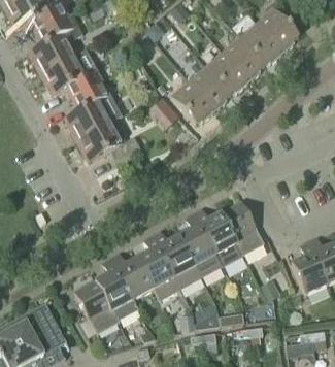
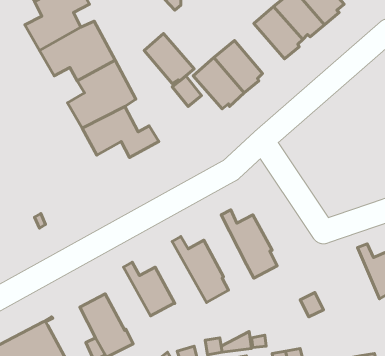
building: [205,52,247,94] -> [144,34,194,84]
building: [221,202,264,257] -> none
building: [179,213,222,278] -> none
building: [138,236,181,300] -> none
building: [291,241,328,295] -> none
building: [96,258,139,321] -> none

